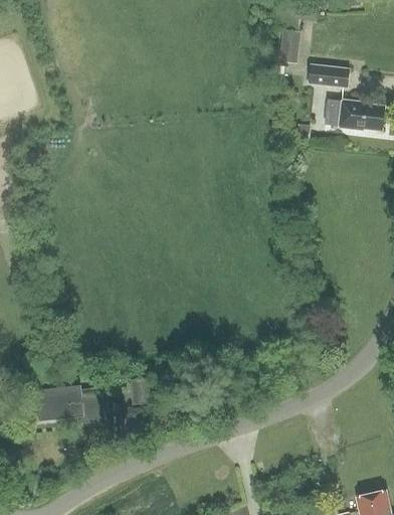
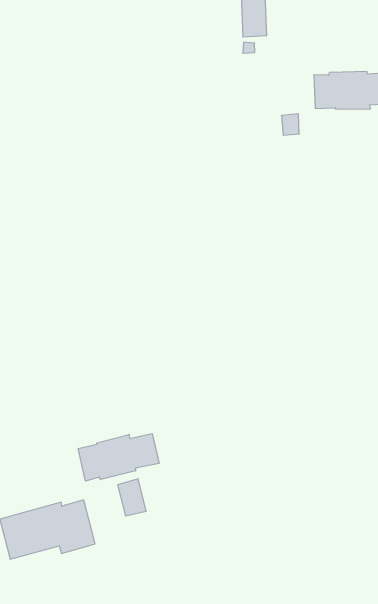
building: [307,63,348,88] -> none
building: none -> [78,434,159,481]

